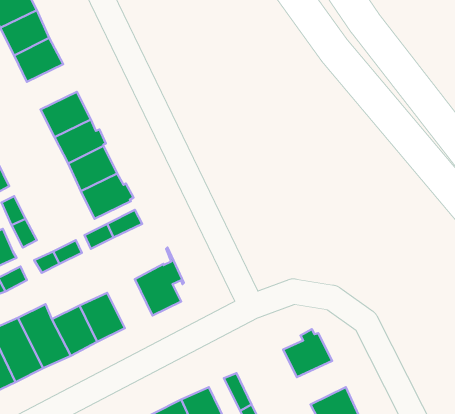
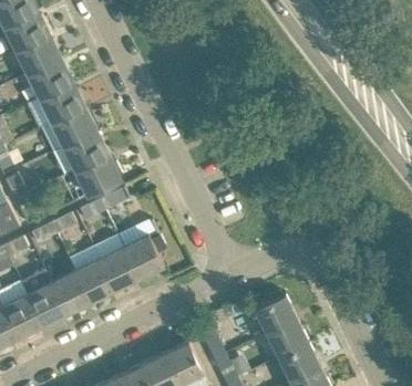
building: none -> [27,58,71,97]
building: none -> [97,247,137,290]
building: none -> [265,319,308,357]

